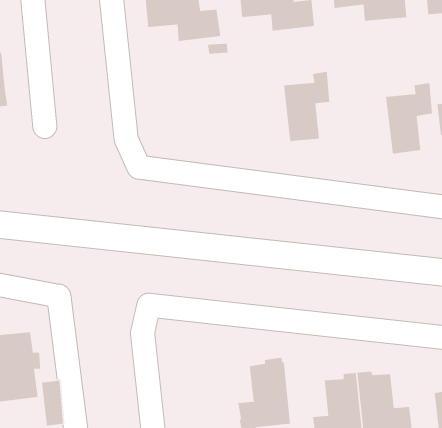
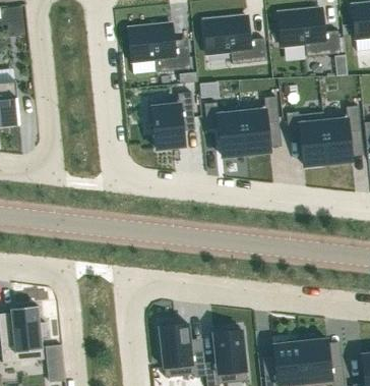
building: none -> [148,93,194,150]
building: none -> [204,103,246,157]
building: none -> [287,112,328,166]
building: none -> [160,322,206,378]

